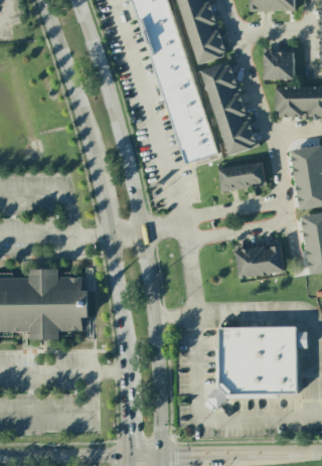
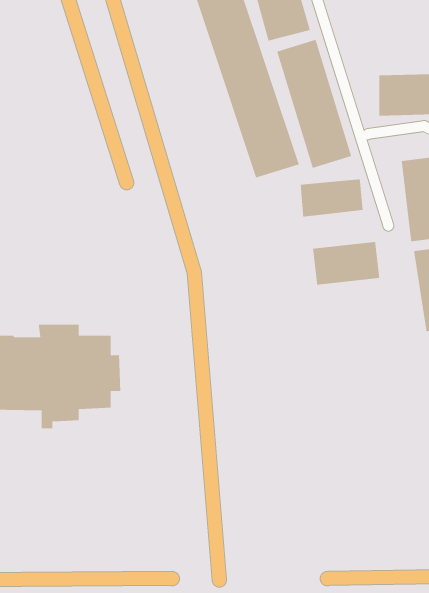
building: [263,51,294,79] -> none
building: [234,245,284,277] -> [312,241,380,285]
building: [207,325,307,407] -> none

